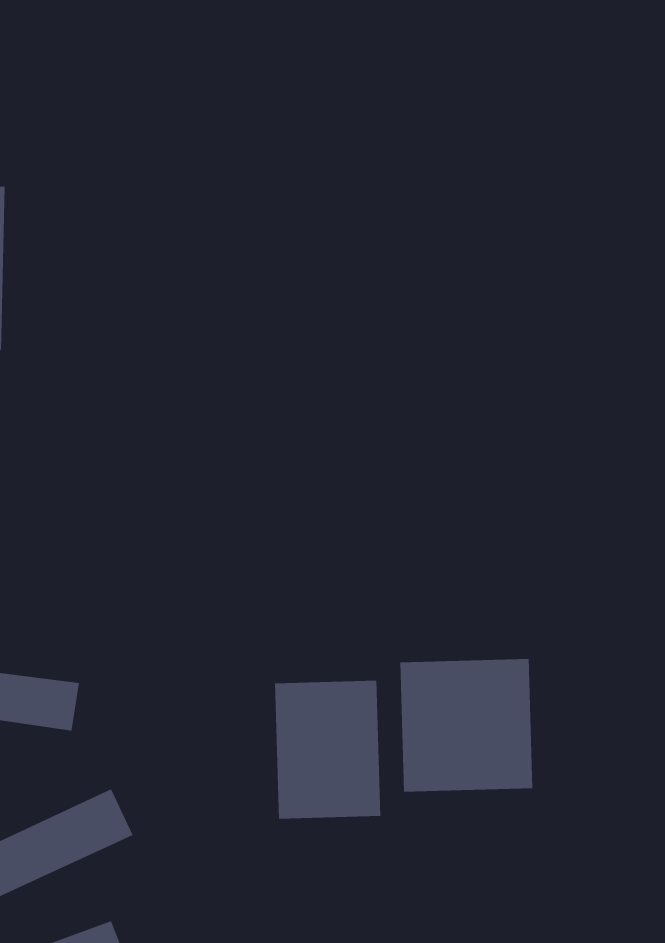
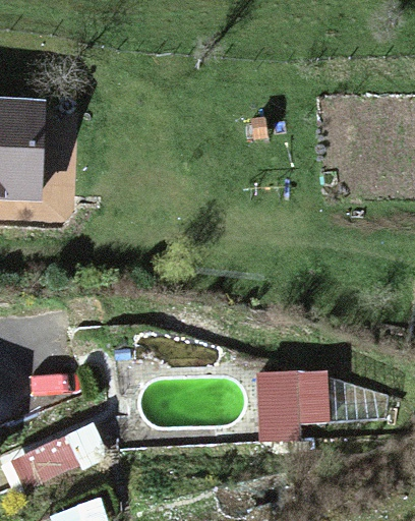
building: [275,680,381,819] -> none

